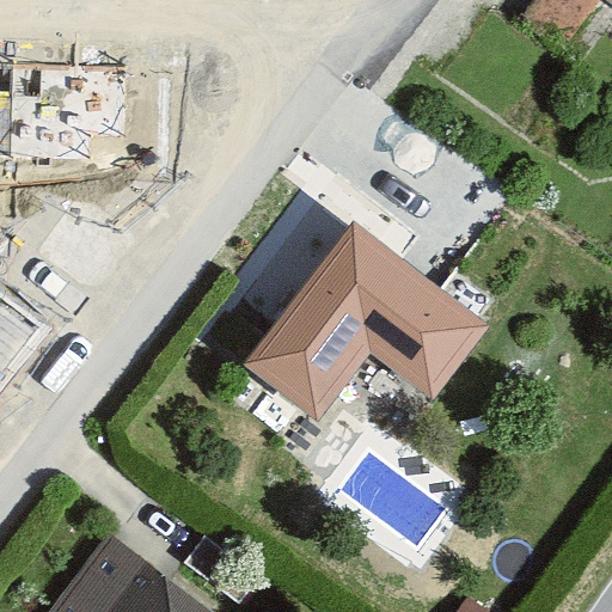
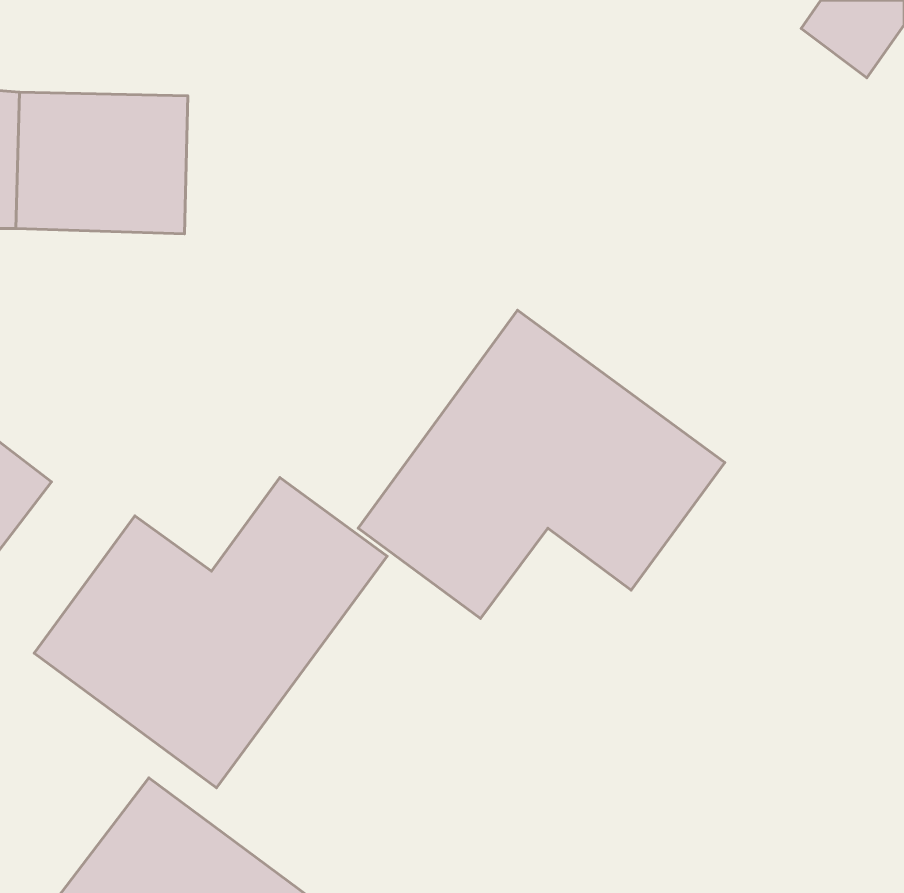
building: none -> [34,477,387,788]

